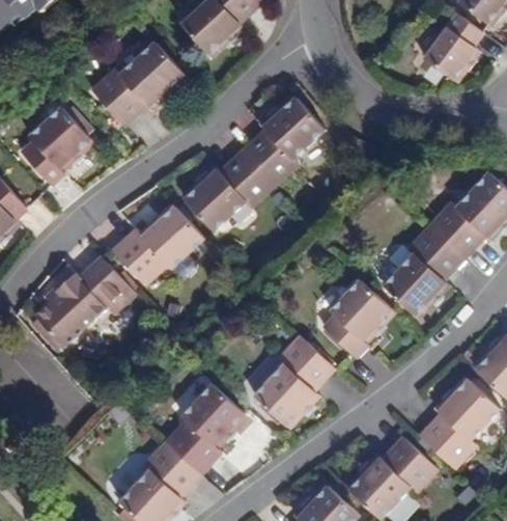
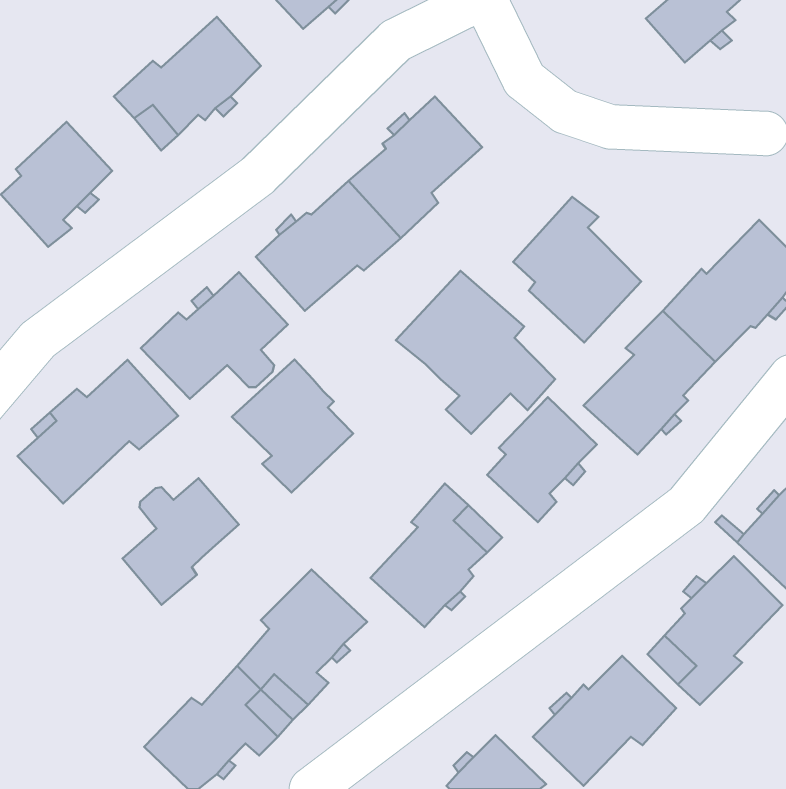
building: none -> [513,197,641,342]
building: none -> [396,271,555,434]
building: none -> [232,359,353,492]
building: none -> [123,478,239,605]

